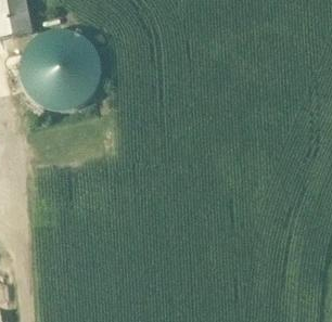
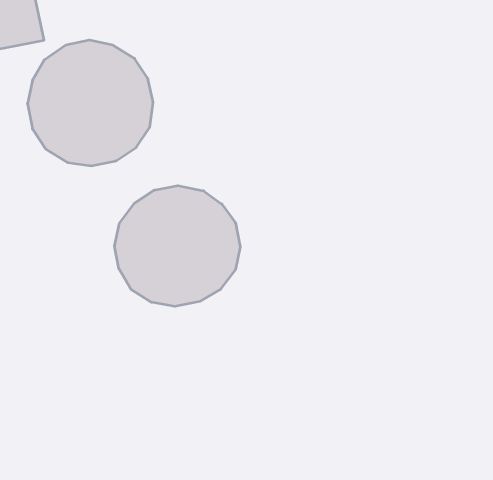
building: none -> [115,186,240,306]

